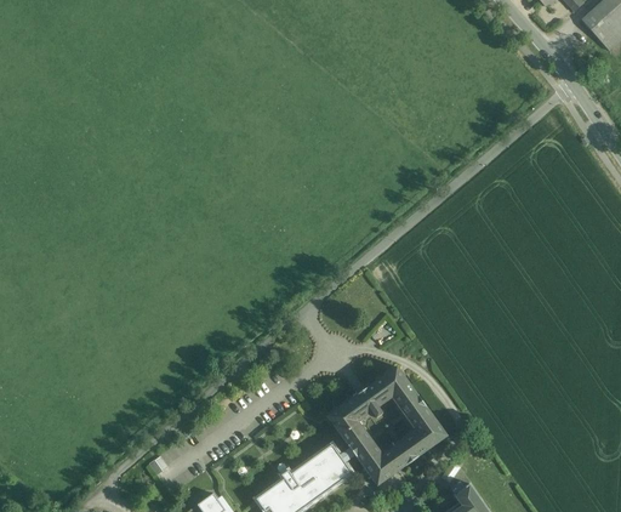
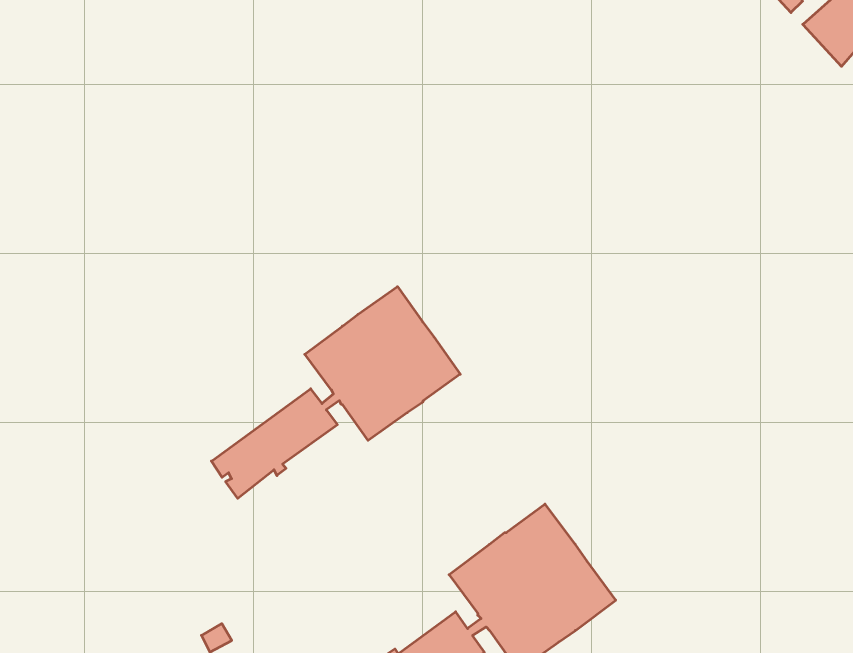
building: none -> [211,287,460,498]

